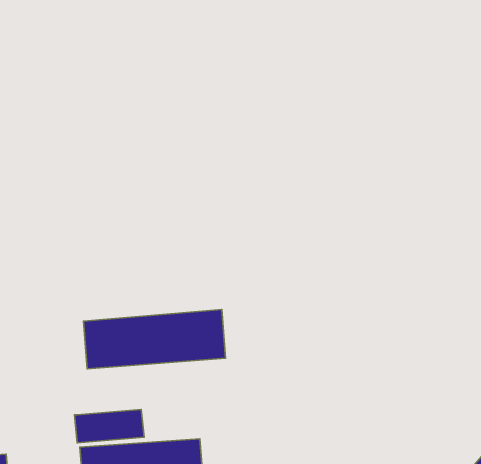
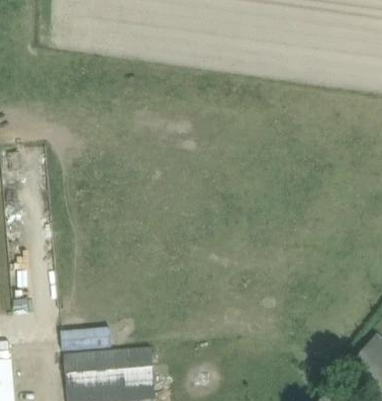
building: [83,309,226,369] -> none

